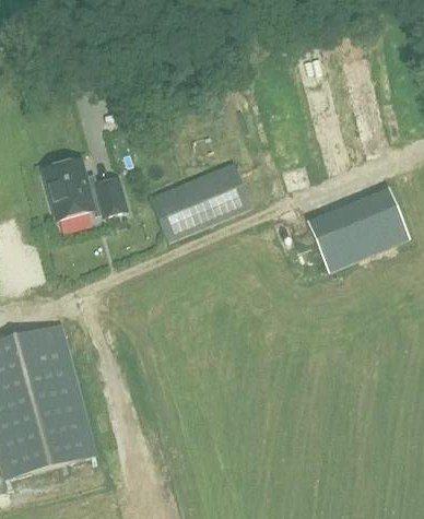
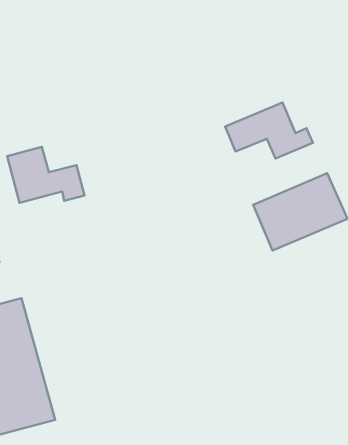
building: none -> [225,102,313,158]
building: [149,163,252,241] -> none

